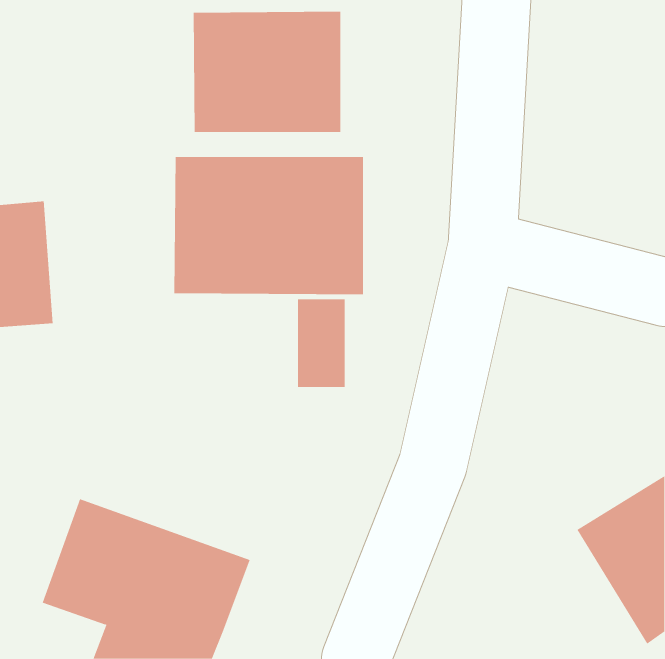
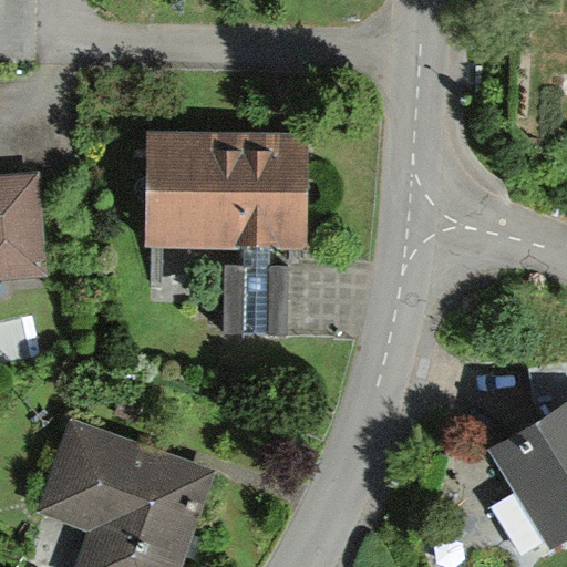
building: [193,11,341,133] -> none

